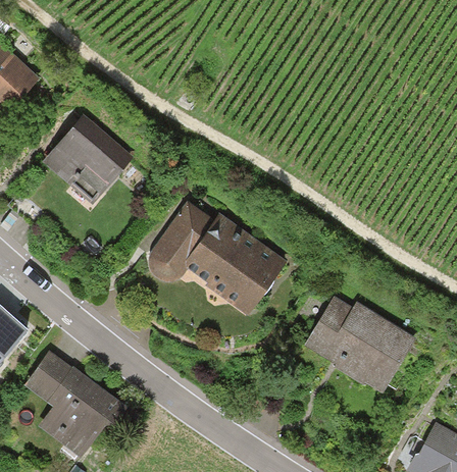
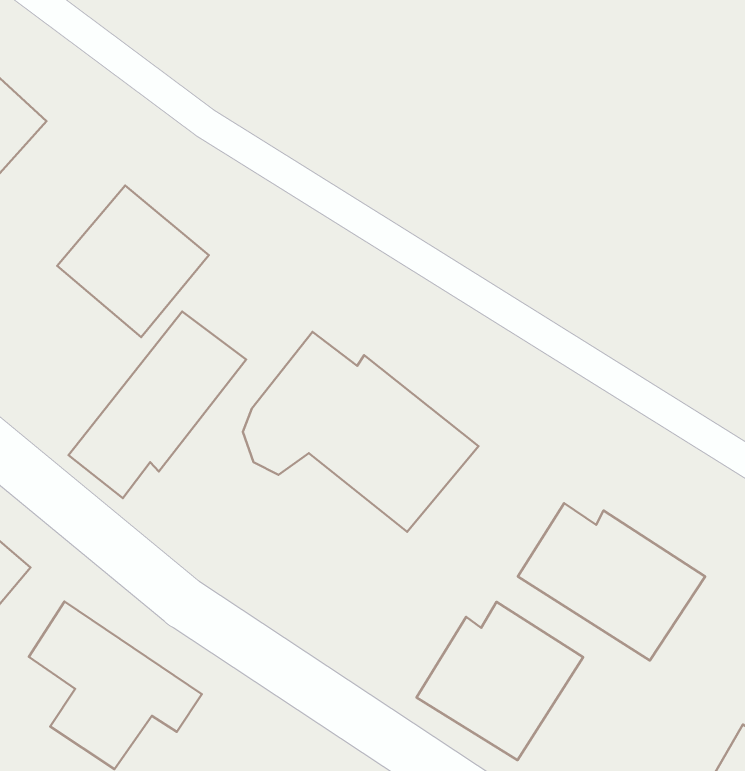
building: none -> [69,311,246,498]
building: none -> [416,602,583,760]

